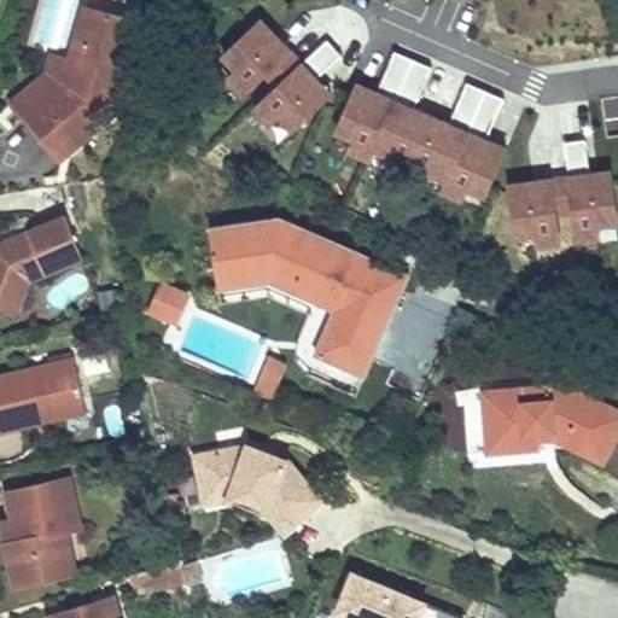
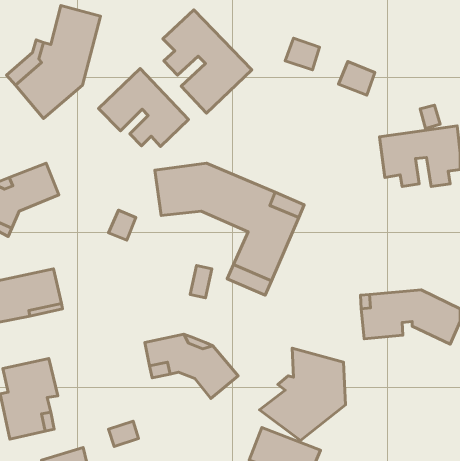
building: [326,78,509,203] -> none
building: none -> [99,69,188,147]
building: none -> [259,348,346,441]

